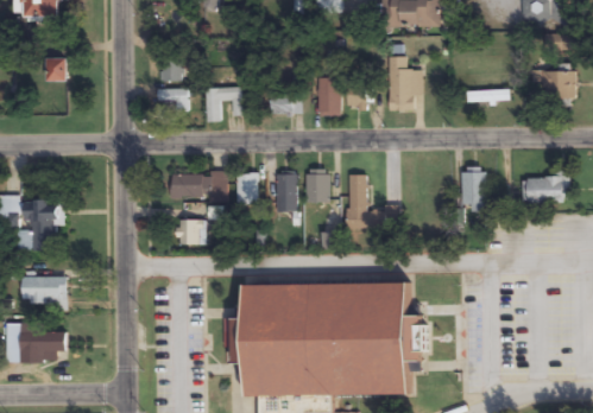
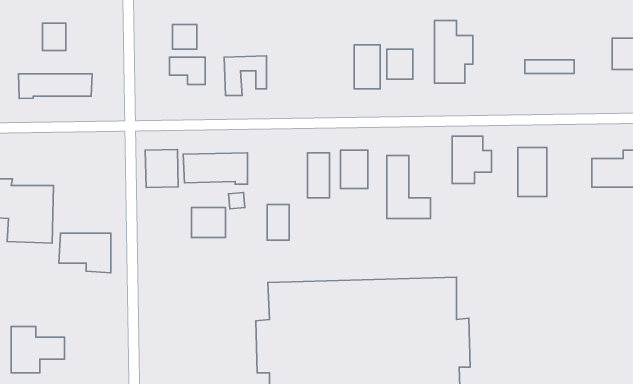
building: [270,94,301,115] -> none
building: none -> [18,74,92,98]
building: none -> [452,136,491,184]
building: none -> [145,149,178,187]
building: [238,172,257,203] -> [267,205,289,240]
building: [20,277,65,311] -> [59,233,111,273]

